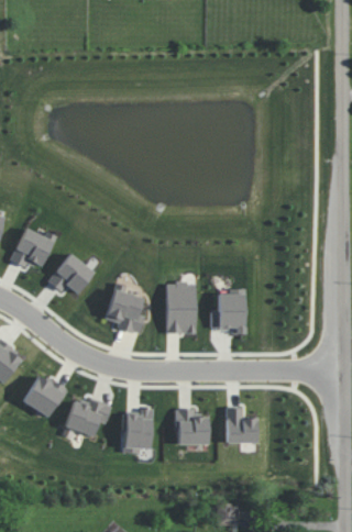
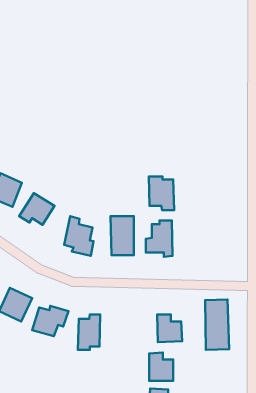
building: none -> [149,176,174,210]
building: none -> [205,299,229,350]
building: [176,408,207,444] -> [149,353,173,381]

